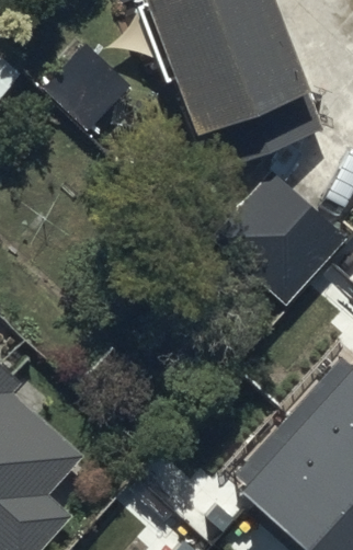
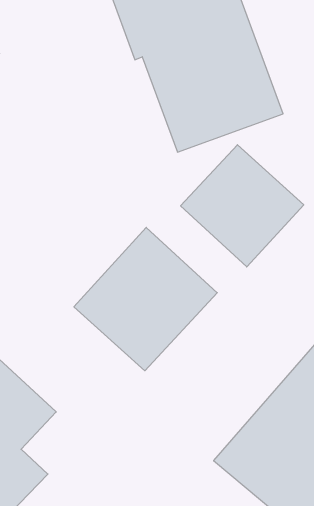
building: none -> [74,227,217,371]

